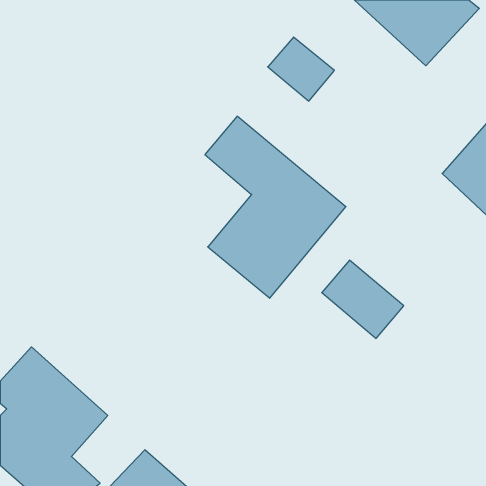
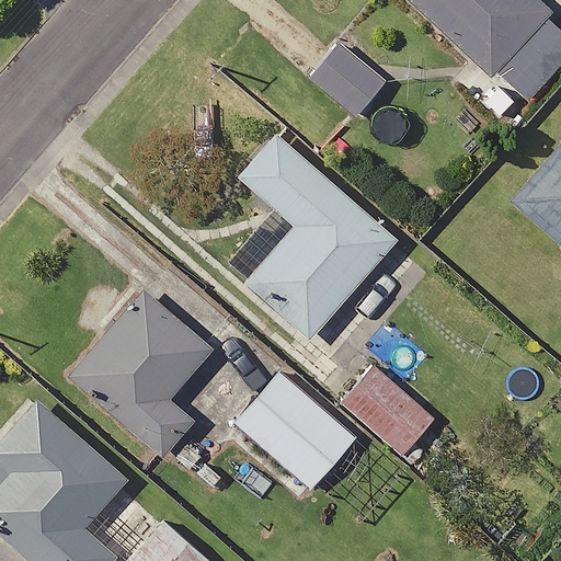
building: none -> [67,288,213,459]
building: [322,260,404,338] -> [341,365,435,455]
building: none -> [234,374,354,489]

